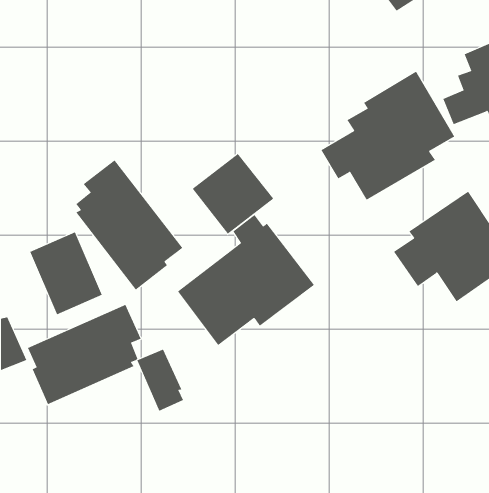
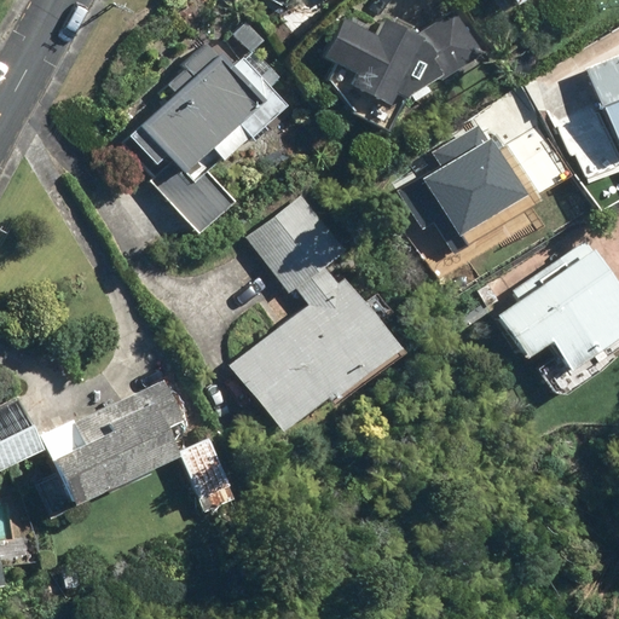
building: none -> [326,18,479,106]
building: none -> [129,40,285,236]
building: [75,160,183,291] -> none
building: [29,232,103,315] -> none

